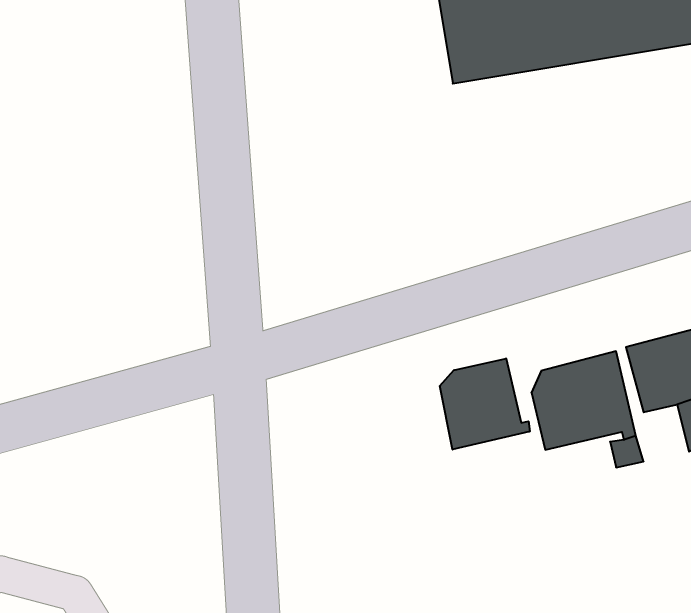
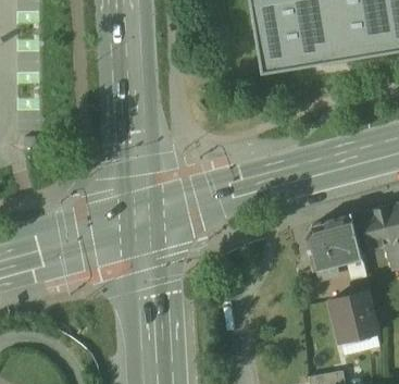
building: [440,358,530,450] -> none
building: none -> [332,293,381,344]

